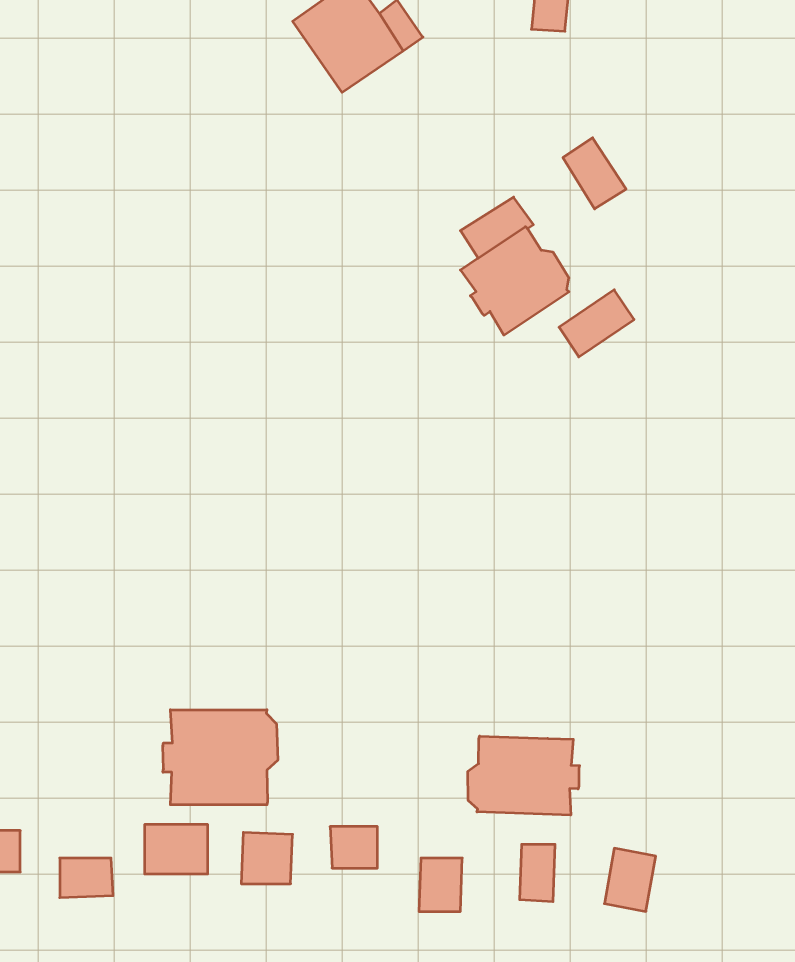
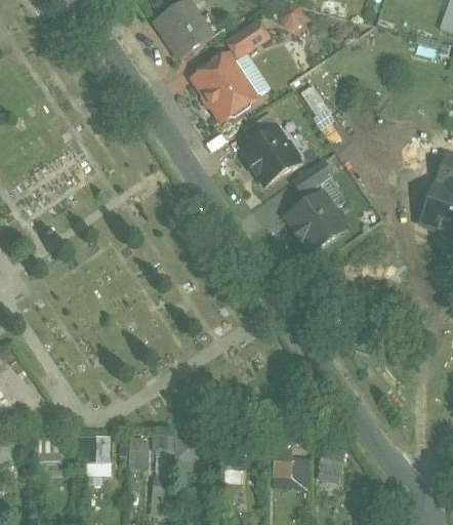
building: none -> [226,21,267,56]
building: none -> [194,54,256,119]
building: none -> [287,193,345,251]
building: [163,710,278,805] -> none
building: [468,736,580,815] -> none

